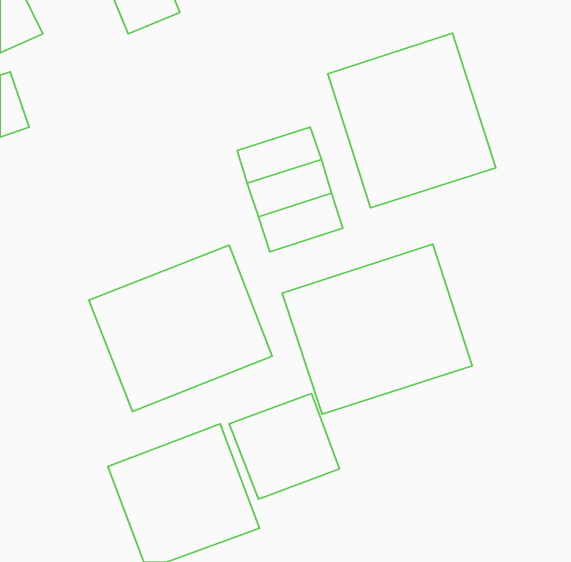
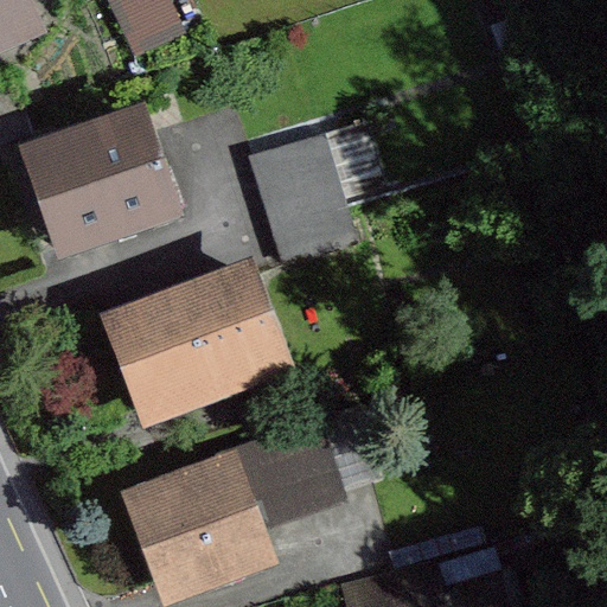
building: [328,33,496,208] -> none
building: none -> [18,103,180,256]
building: [282,244,472,414] -> none

